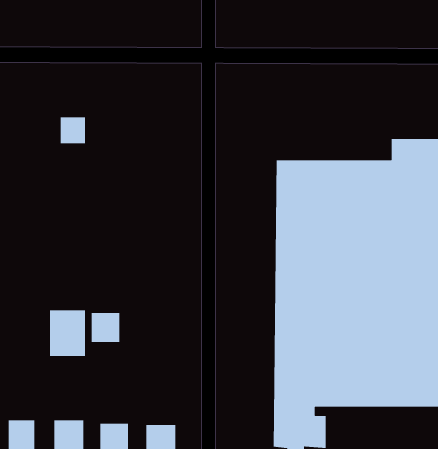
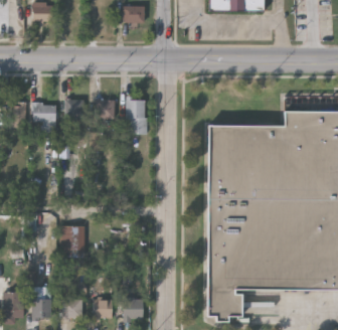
building: none -> [96,99,116,117]
building: none -> [128,99,147,134]
building: none -> [33,103,56,121]
building: [91,312,120,343] -> none

